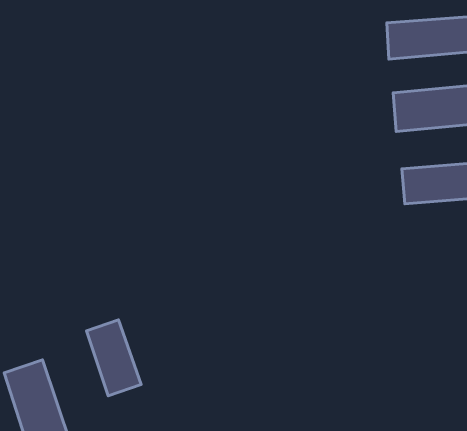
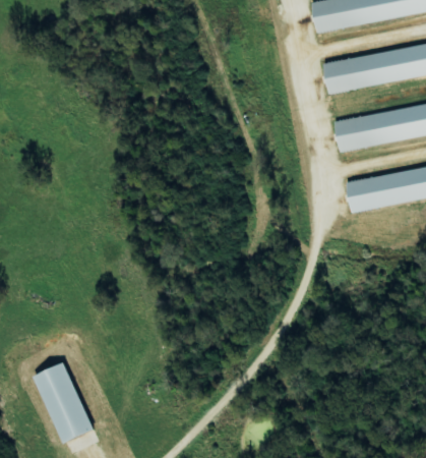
building: [86,320,141,396] -> none

